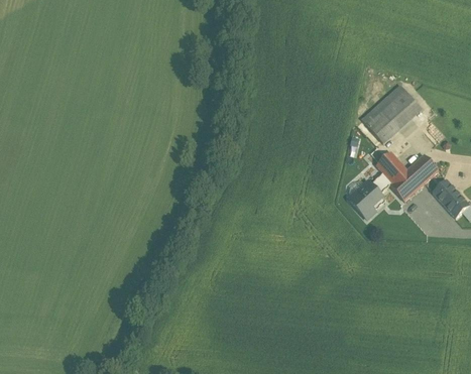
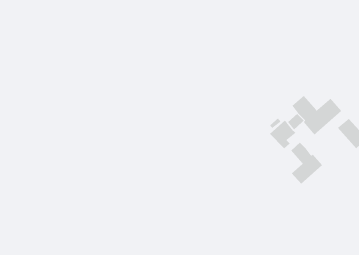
building: [361,85,421,141] -> none
building: none -> [290,142,323,184]

